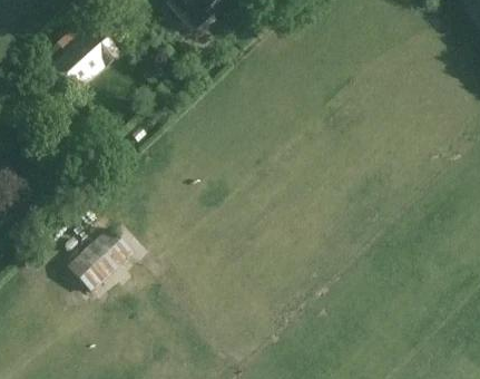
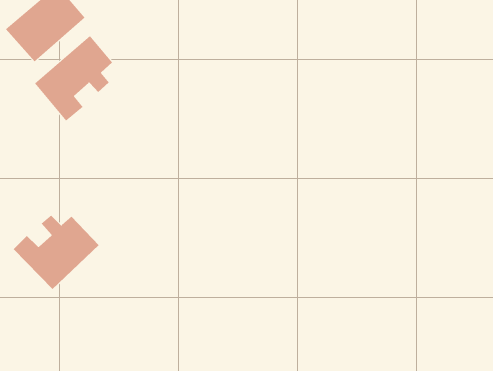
building: none -> [34,35,113,121]

